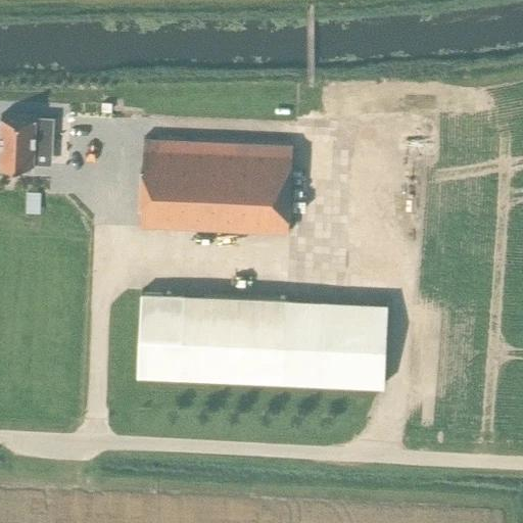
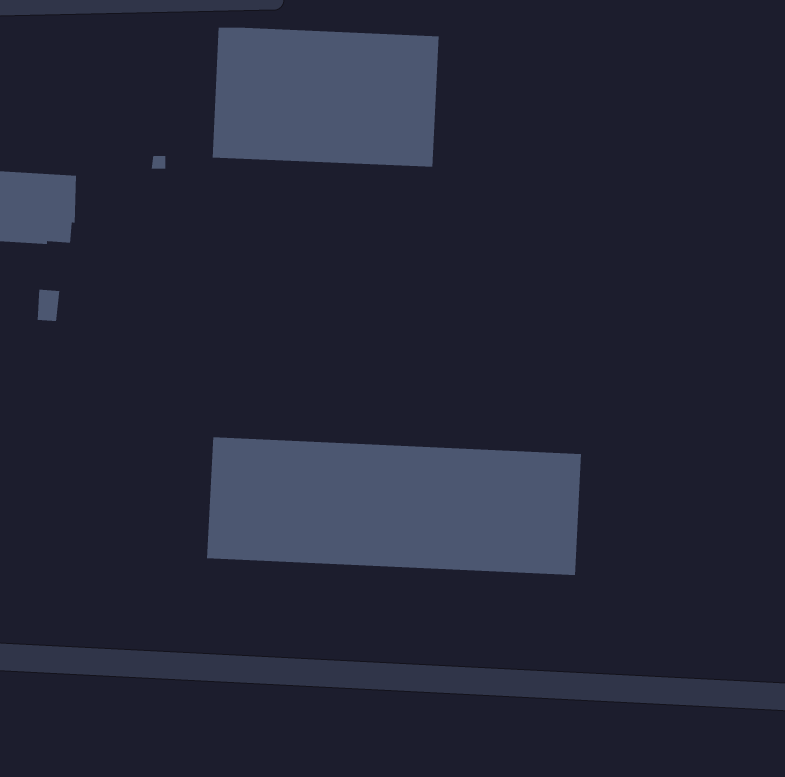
building: [140,142,291,235] -> [212,27,439,167]

